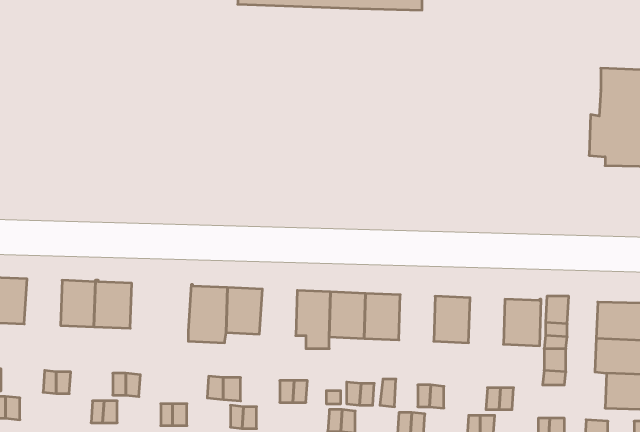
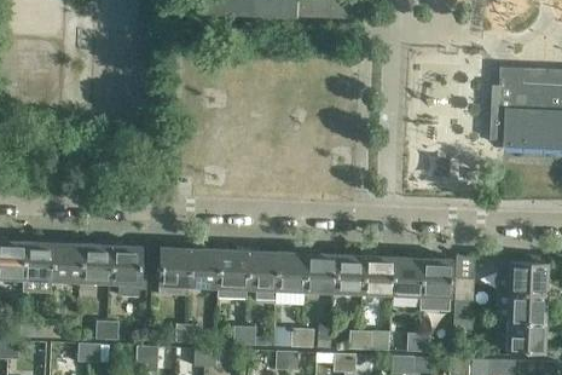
building: none -> [22,243,53,294]
building: none -> [110,247,140,298]
building: none -> [218,252,249,299]
building: none -> [334,256,364,295]
building: none -> [392,259,422,298]

